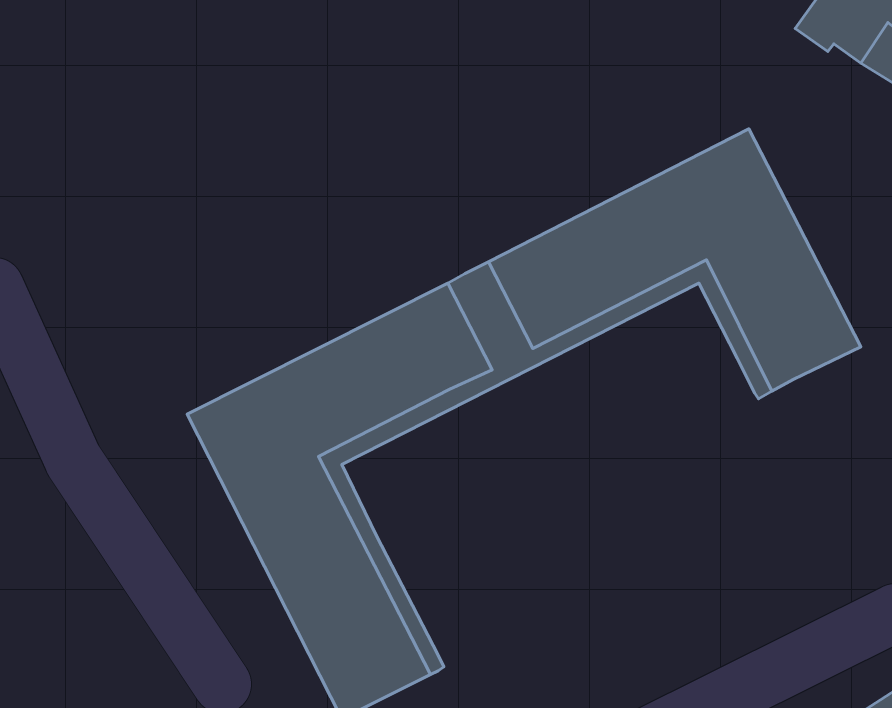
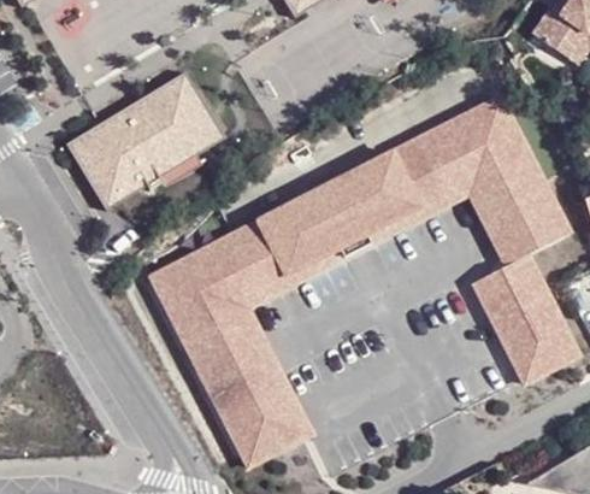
building: none -> [76,80,217,198]
building: none -> [482,253,577,382]

